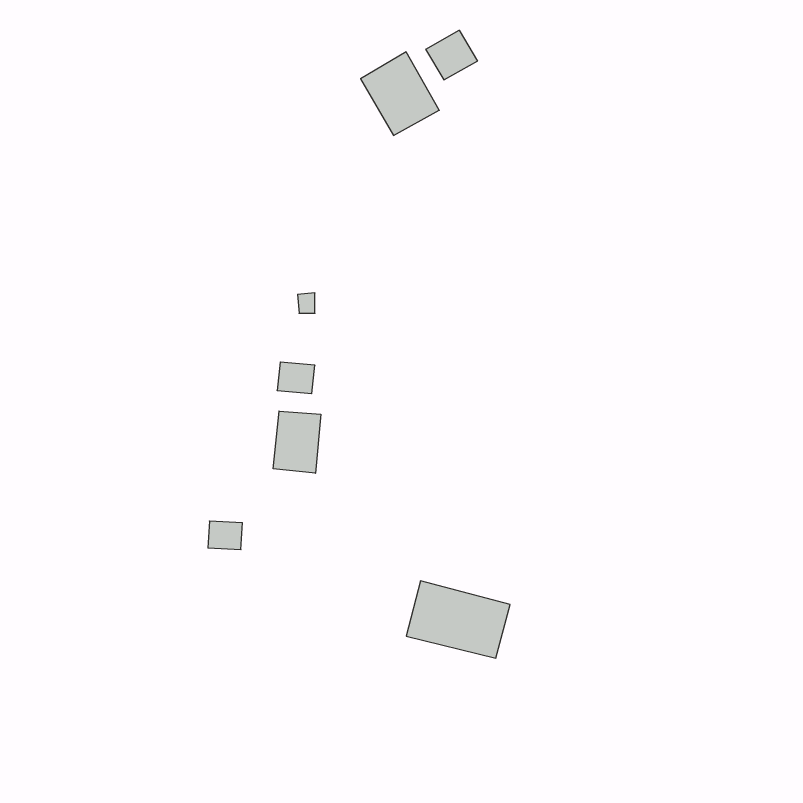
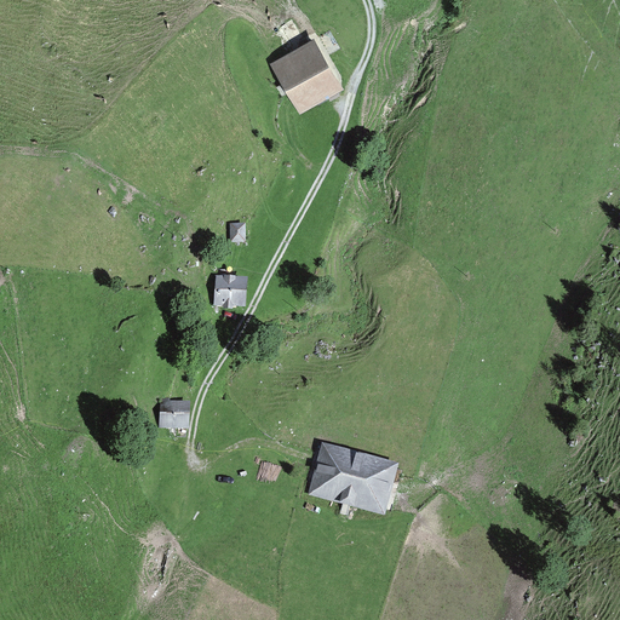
building: [426,30,477,80] -> none
building: [273,411,321,473] -> none

